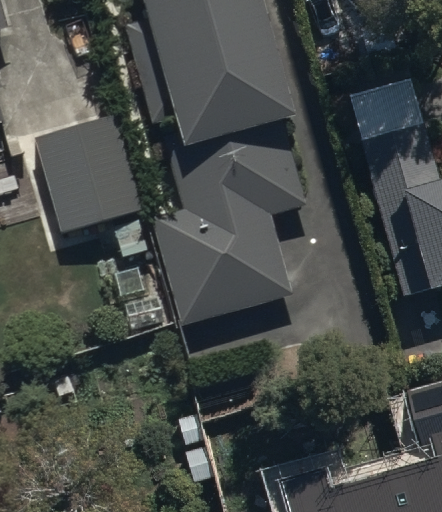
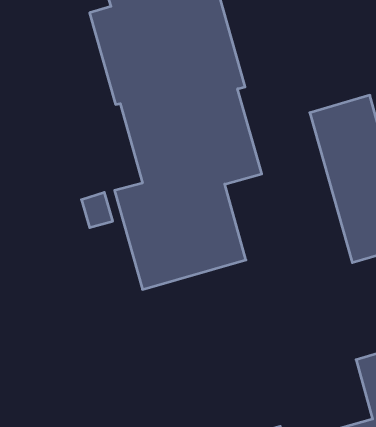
building: [34,115,142,232] -> none

